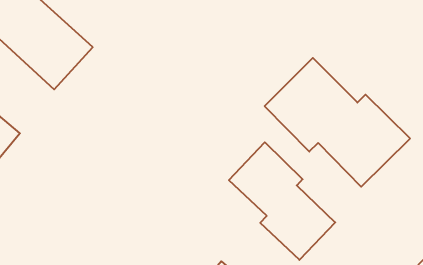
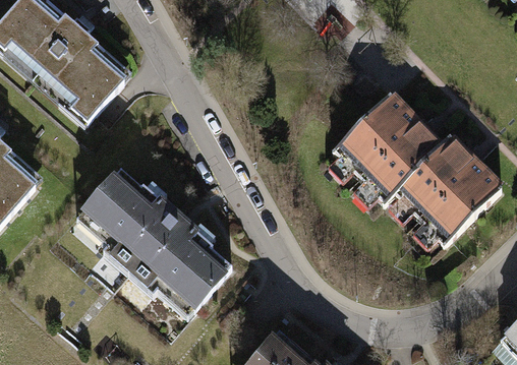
building: none -> [79,174,237,322]
building: [229,142,335,260] -> none

